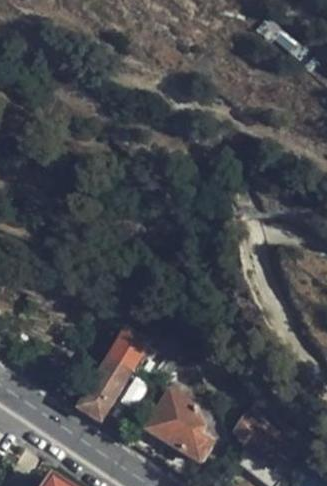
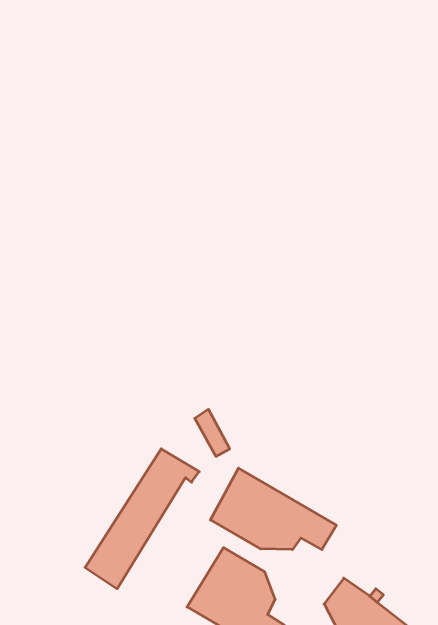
building: none -> [210,468,336,550]

